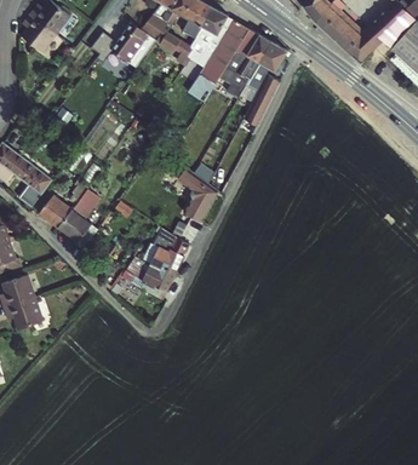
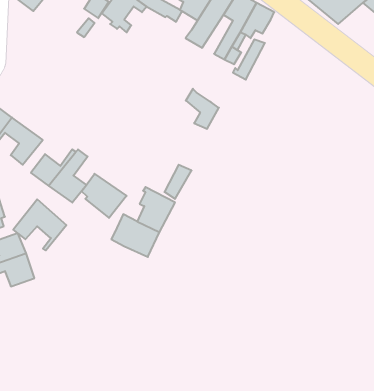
building: [183,171,217,212] -> [186,89,219,129]
building: none -> [82,174,127,218]
building: none -> [13,199,66,250]

